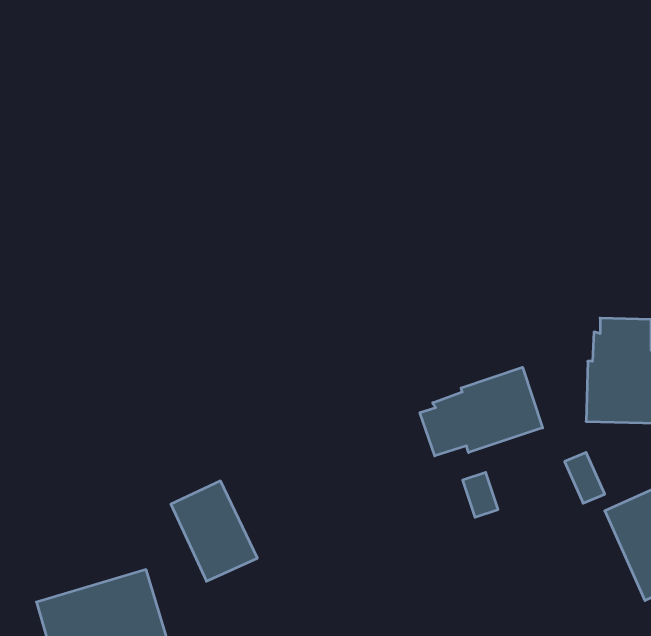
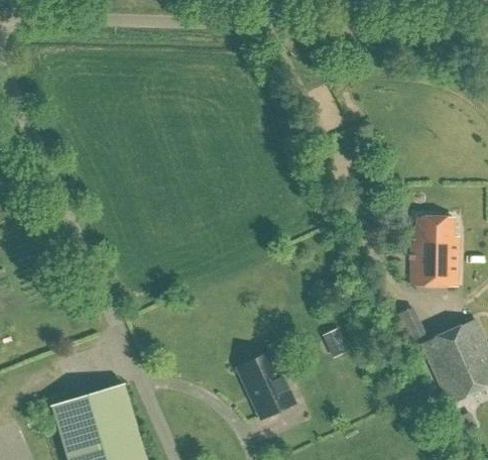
building: [420,367,543,456] -> none
building: [171,481,257,581] -> [239,352,295,418]

